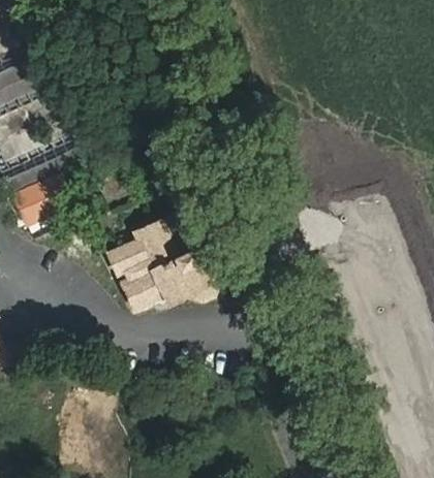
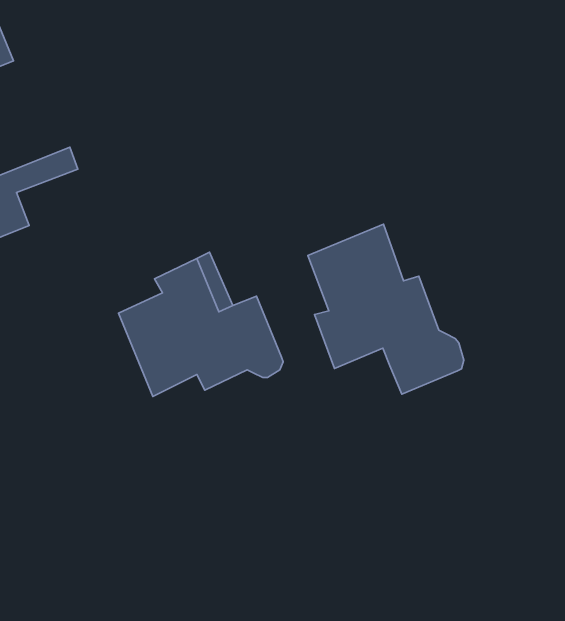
building: none -> [308,224,464,394]

